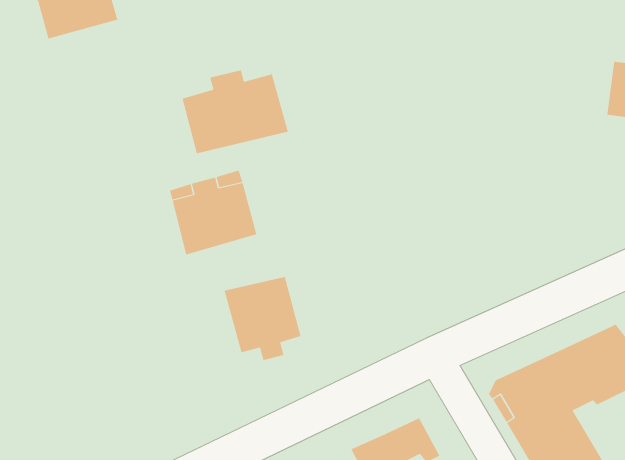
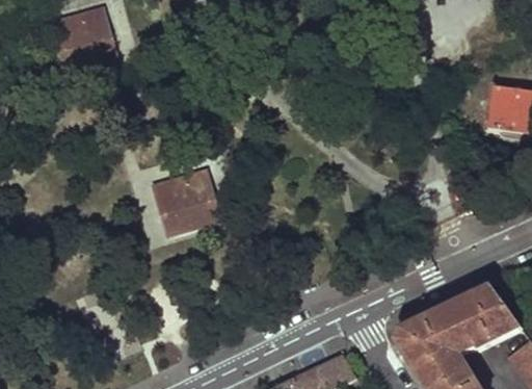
building: [182,69,288,154] -> none
building: [224,276,301,361] -> none

